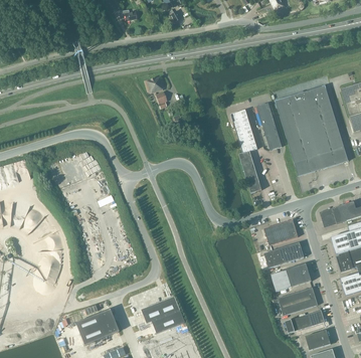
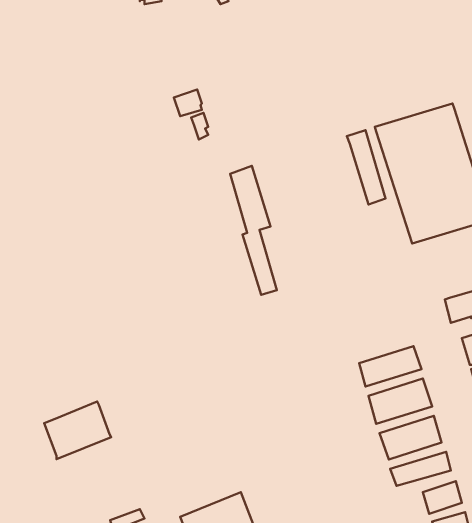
building: [231,109,261,192] -> [230,166,277,295]
building: [264,218,298,244] -> none
building: [140,297,182,333] -> none
building: [75,308,119,345] -> [44,402,111,459]

